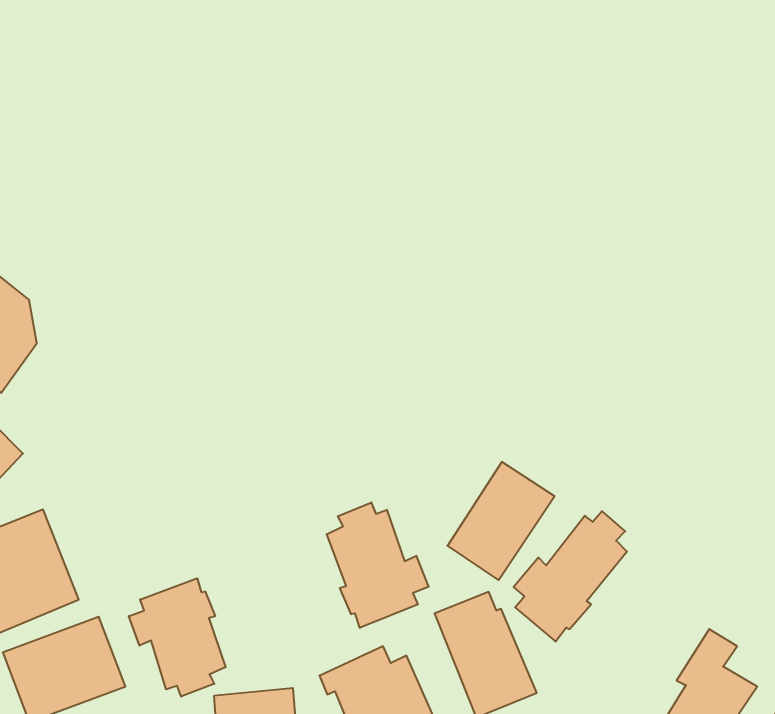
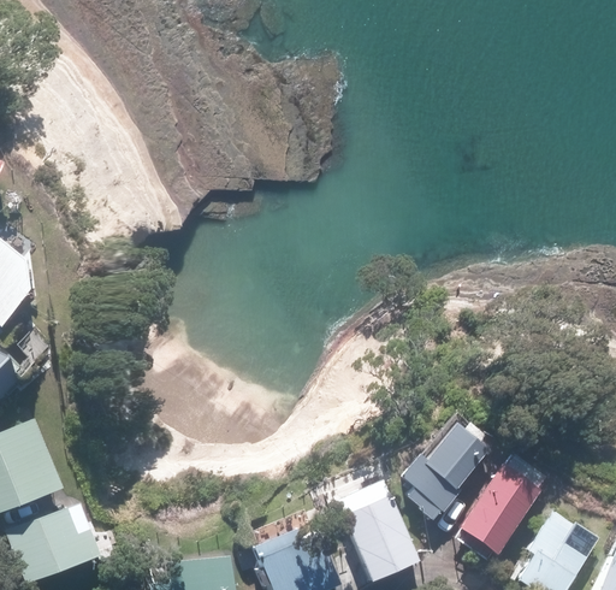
building: [447,462,555,580] -> [457,464,540,555]
building: [327,502,429,628] -> none
building: [129,578,226,697] -> none

